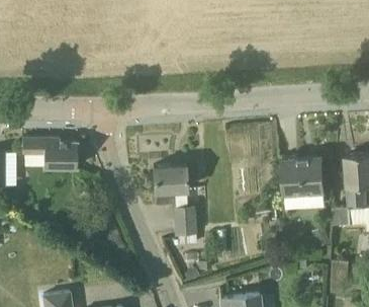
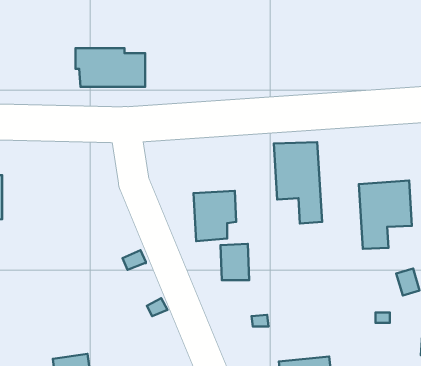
building: none -> [274,142,322,224]
building: [21,137,76,167] -> [75,48,145,87]

